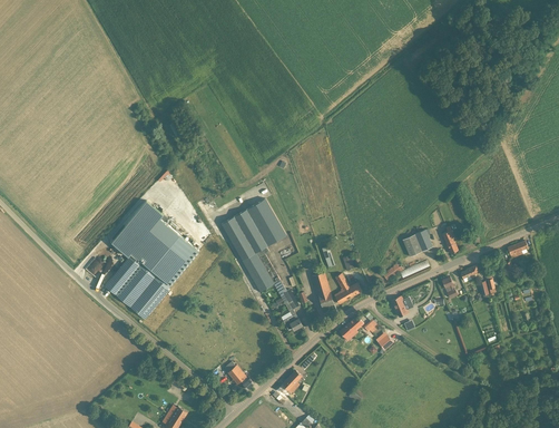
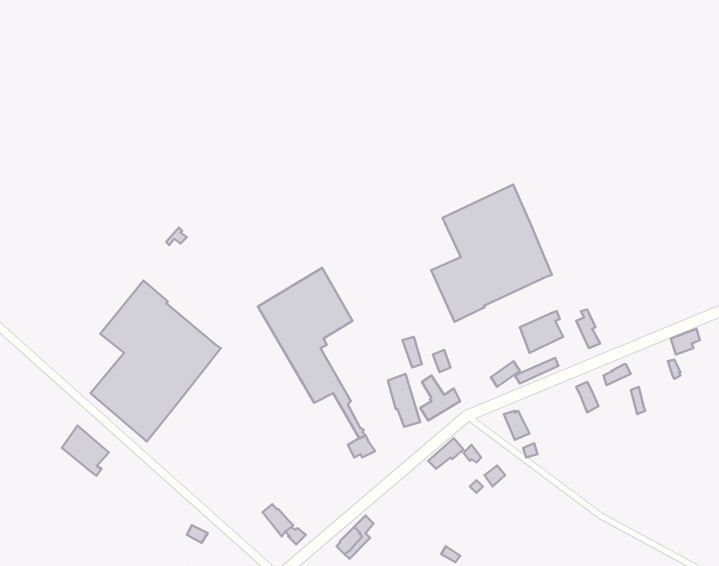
building: none -> [431,184,552,322]
building: none -> [62,426,109,476]

